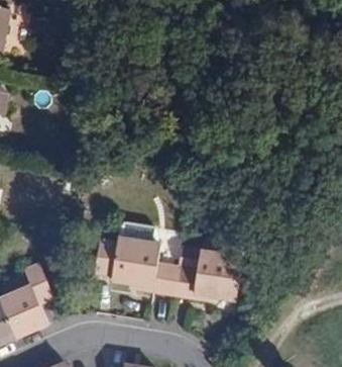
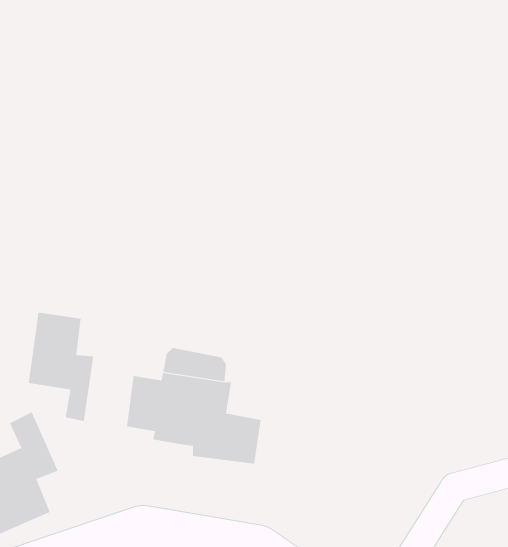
building: none -> [28,312,94,422]
building: [173,248,241,301] -> none

